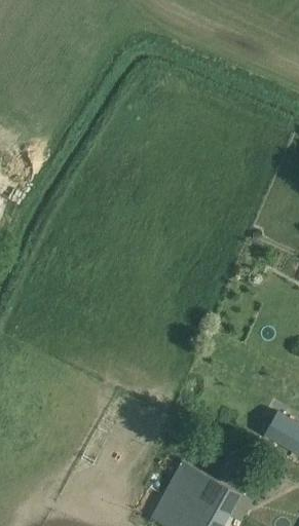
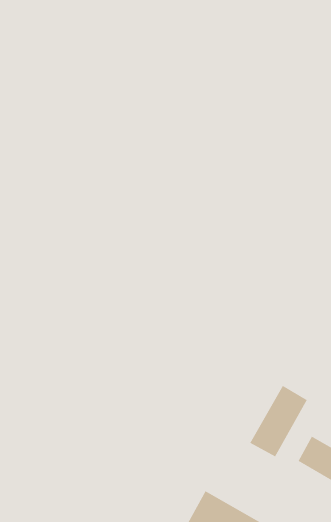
building: none -> [249,385,308,458]

